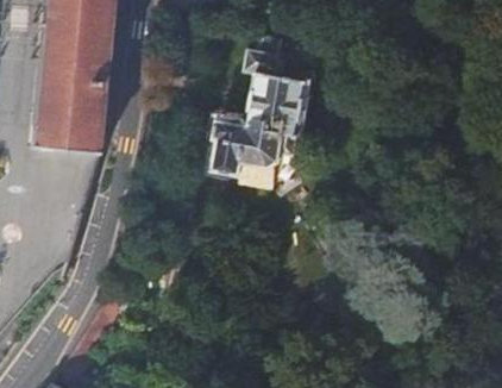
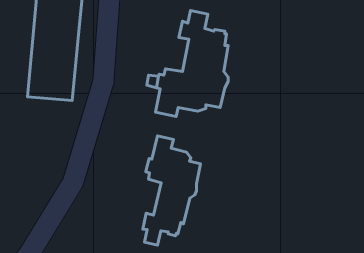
building: none -> [143,136,201,245]

